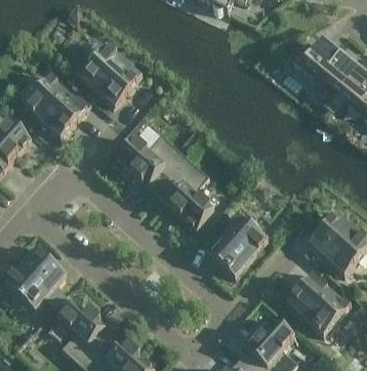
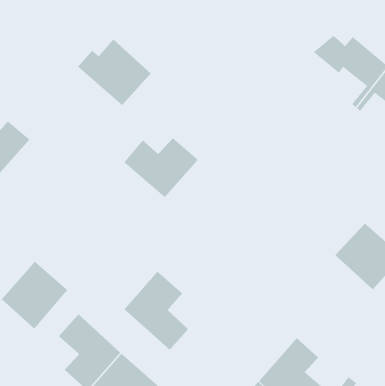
building: [24,72,87,135] -> none
building: [154,154,213,226] -> [124,271,189,351]
building: [204,211,268,275] -> none
building: [286,270,350,333] -> none

